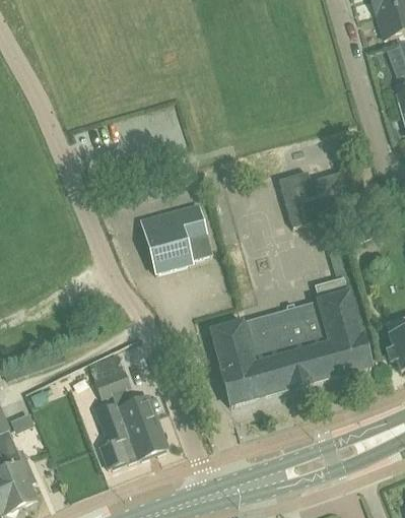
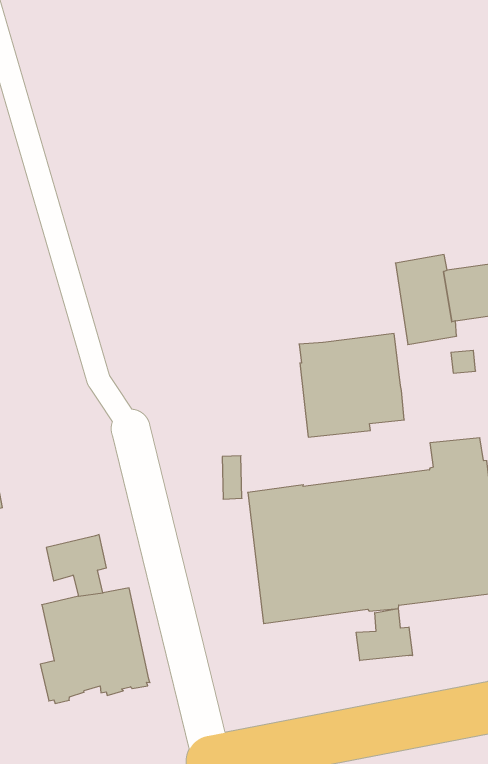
building: [143,203,212,272] -> [299,334,404,437]
building: none -> [356,608,412,661]

